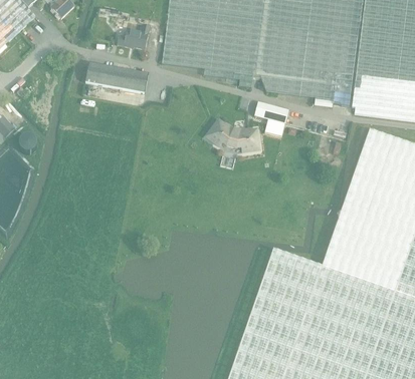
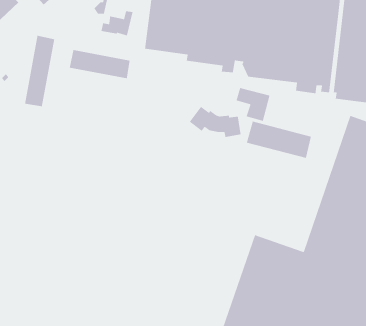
building: none -> [24,35,55,107]
building: none -> [246,121,312,159]

